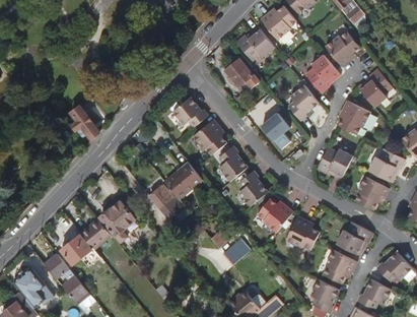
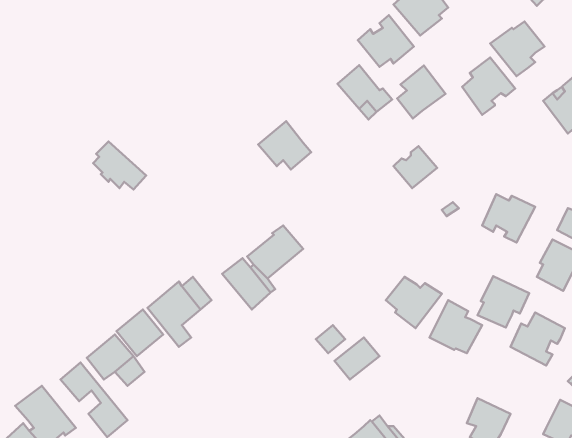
building: [287,85,319,120] -> [397,66,446,119]
building: [338,99,369,133] -> none
building: [193,120,227,155] -> none
building: [219,147,249,182] -> none
building: [239,172,268,205] -> none
building: [325,249,358,282] -> [478,276,529,328]

